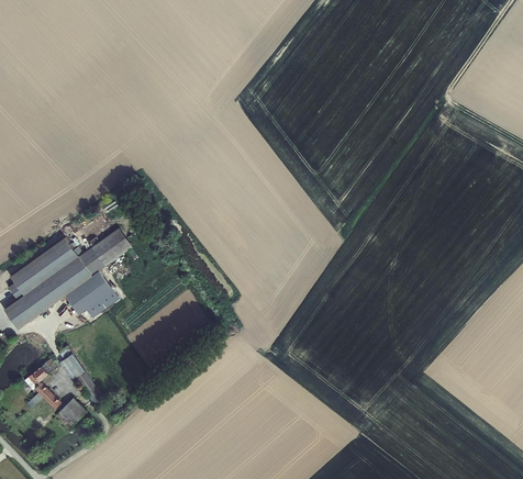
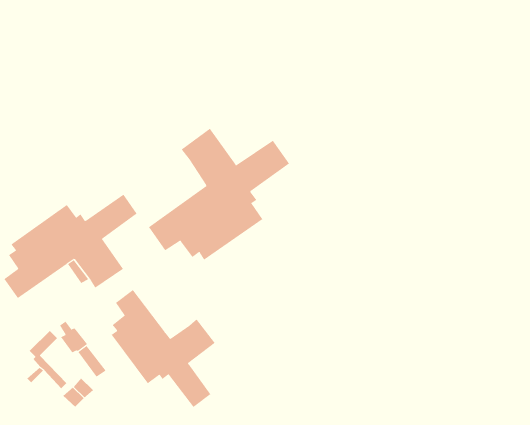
building: none -> [148,128,290,260]
building: none -> [111,289,216,408]

